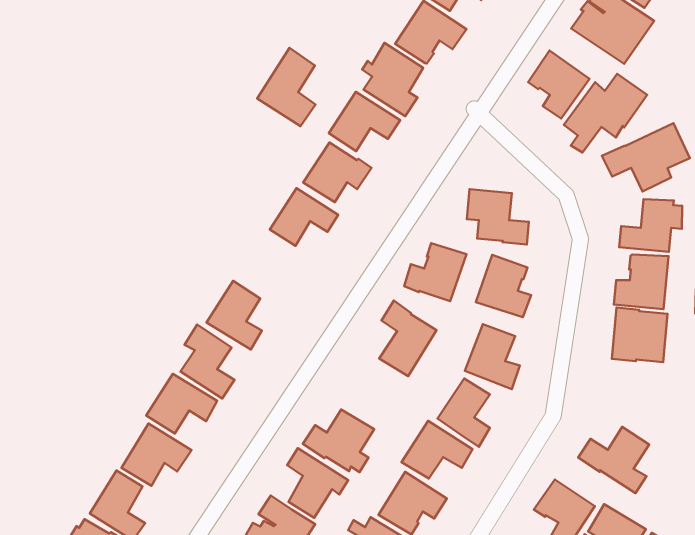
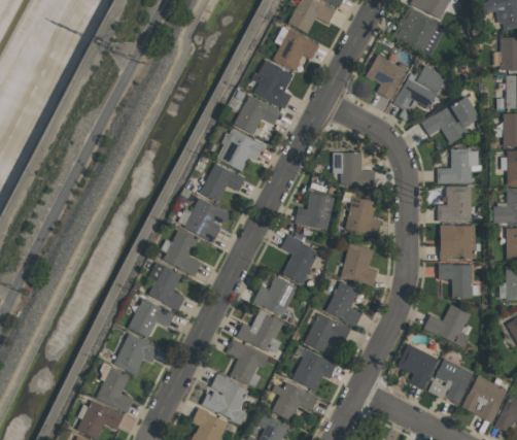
building: [257,48,316,126] -> none
building: none -> [183,197,229,242]
building: none -> [252,275,298,315]
building: none -> [438,264,473,298]

